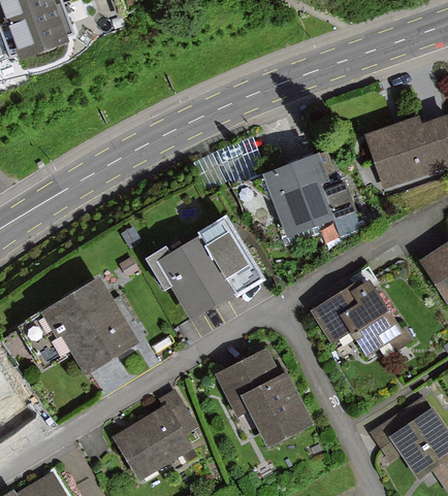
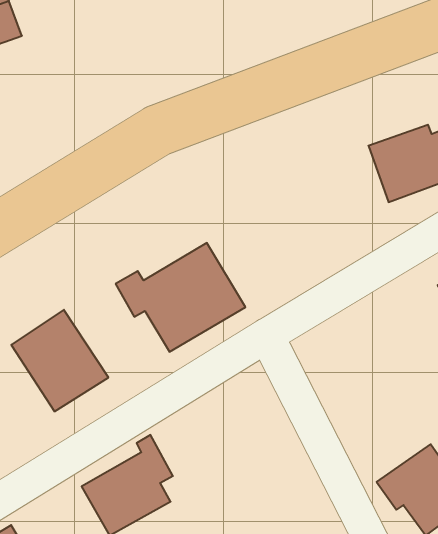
building: [265,154,344,236] -> none
building: [314,278,402,351] -> none
building: [219,349,313,444] -> none

